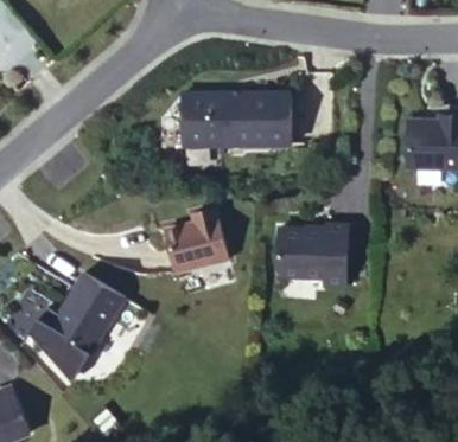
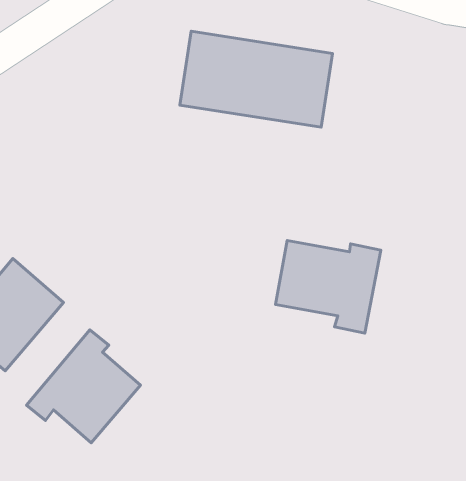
building: [166,211,229,276] -> none
building: none -> [26,330,140,443]

